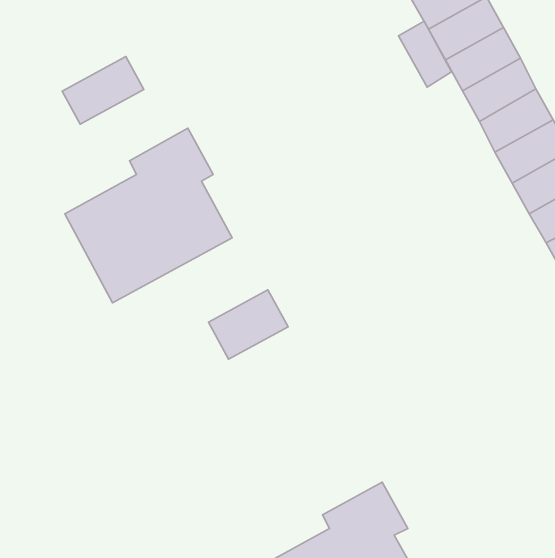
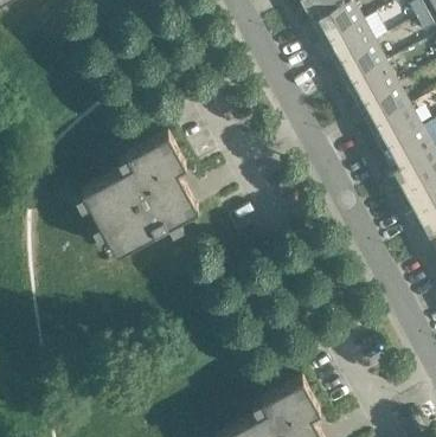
building: [398,21,451,87] -> none
building: [62,57,144,124] -> none
building: [208,290,288,359] -> none

